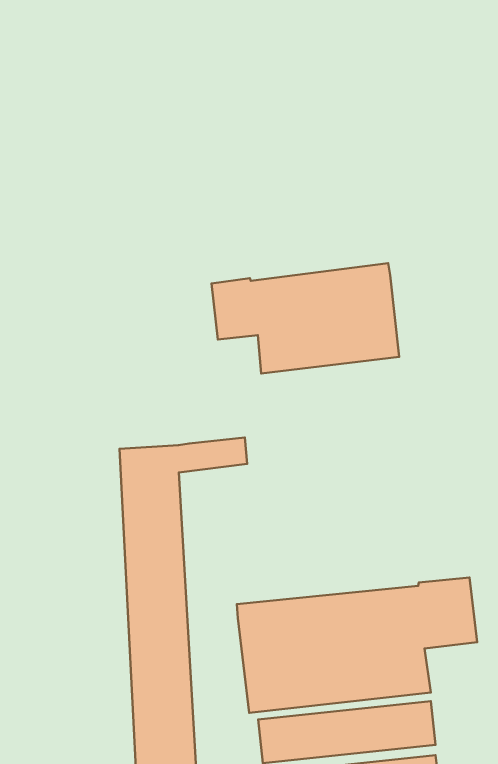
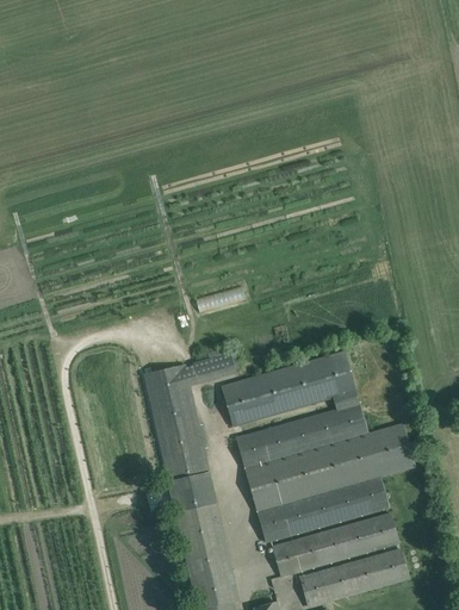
building: [212,263,399,373] -> none
building: none -> [221,350,368,468]

